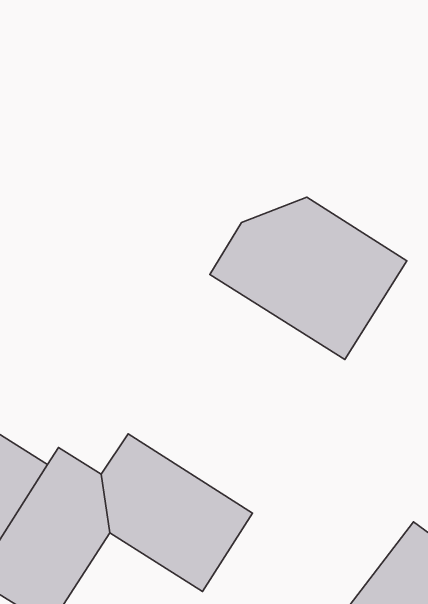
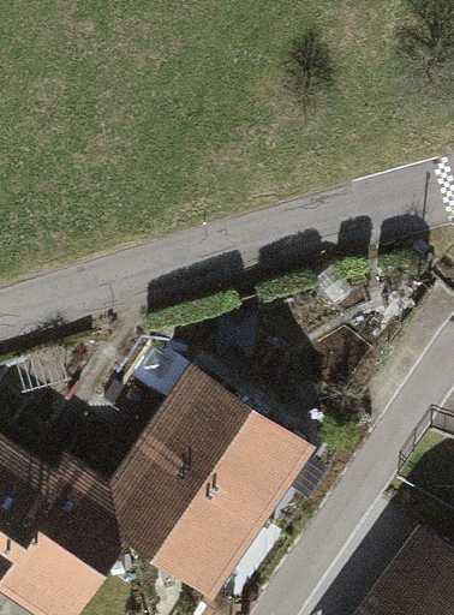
building: [210,197,407,360] -> none
building: none -> [141,368,312,523]

